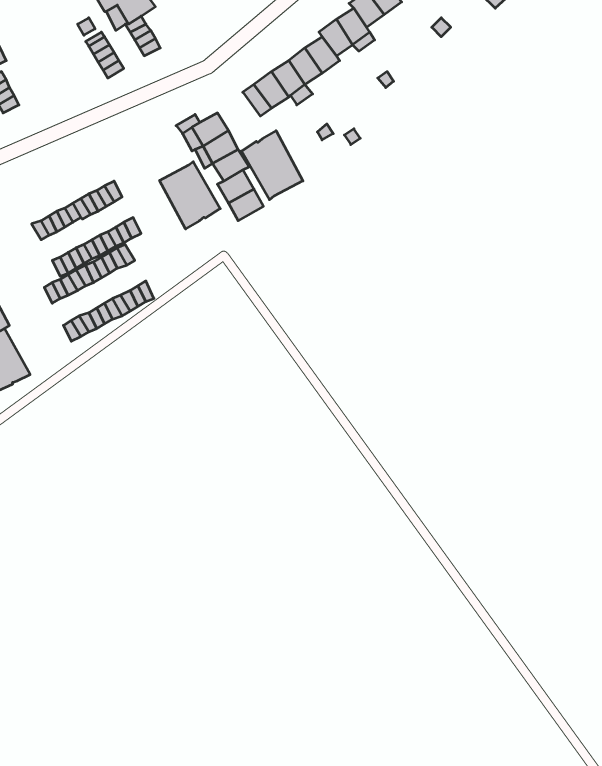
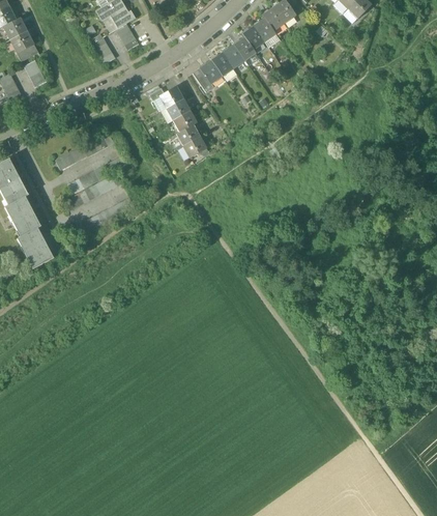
building: [241,131,303,200] -> none
building: [160,162,220,229] -> none

